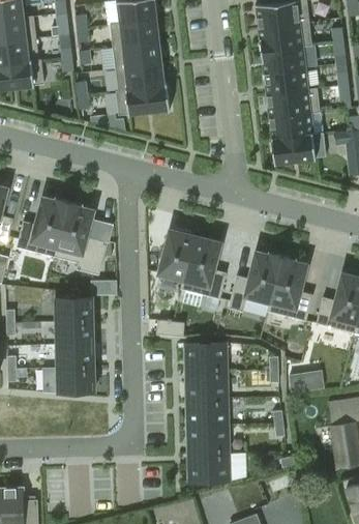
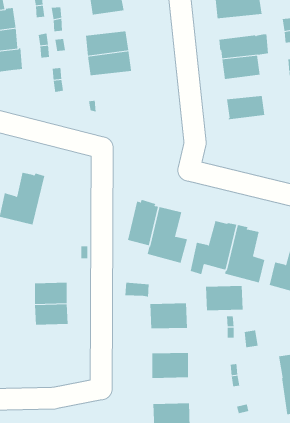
building: [110,19,158,47] -> none
building: [259,23,311,51] -> none
building: [116,83,170,116] -> none
building: [267,89,320,117] -> none
building: [271,135,316,165] -> none
building: [55,202,107,274] -> none
building: [55,296,93,321] -> none
building: [57,367,95,391] -> none
building: [185,371,228,399] -> [205,285,243,311]
building: [186,426,229,455] -> none

